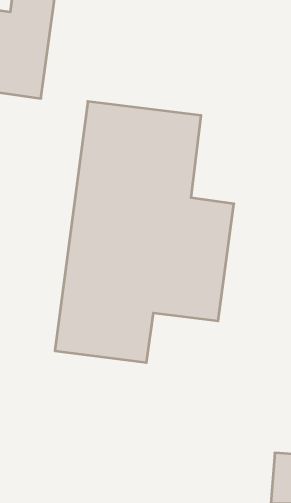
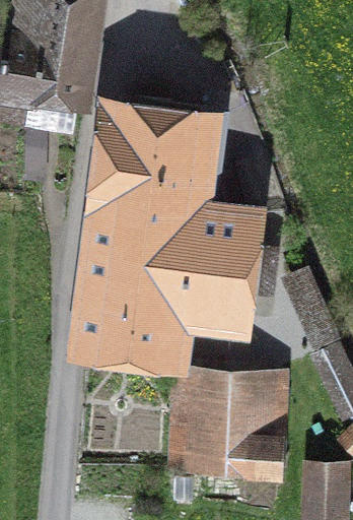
building: none -> [178,374,272,469]

